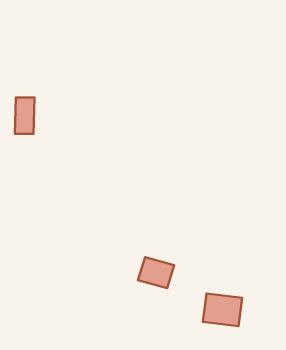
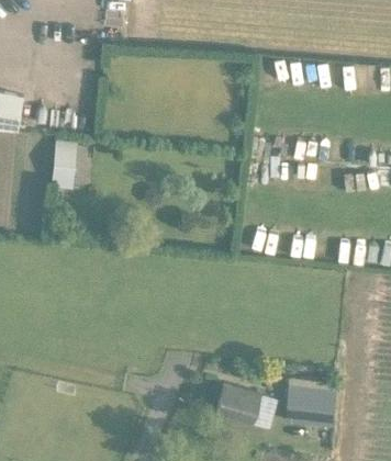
building: [138,257,174,288] -> [216,385,261,424]

